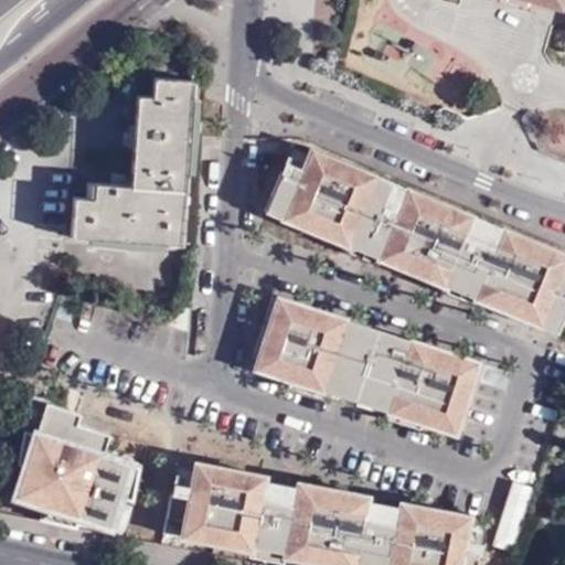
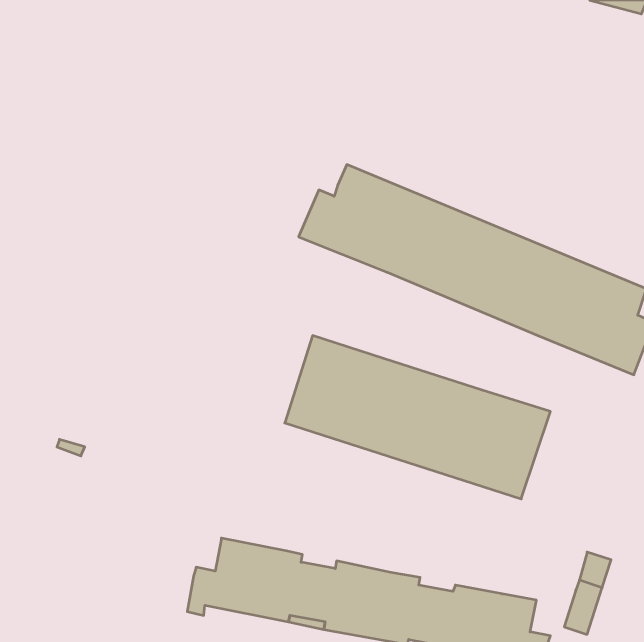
building: [71,87,190,249] -> none
building: [18,406,129,529] -> none

